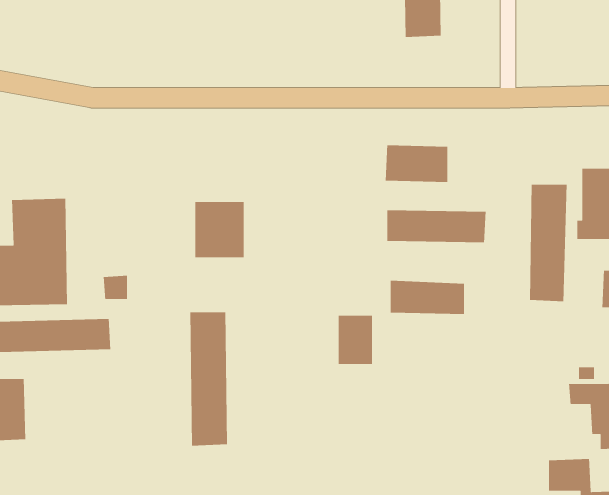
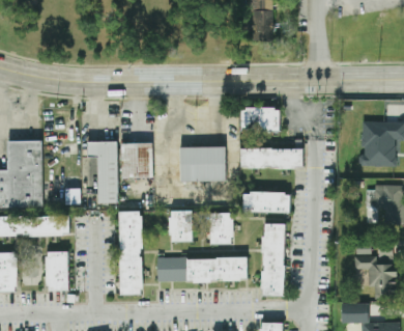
building: [529,184,567,302] -> [261,223,285,297]
building: none -> [87,141,118,203]
building: none -> [179,146,225,182]
building: none -> [169,210,193,242]
building: none -> [46,251,68,291]
building: none -> [156,256,247,281]

